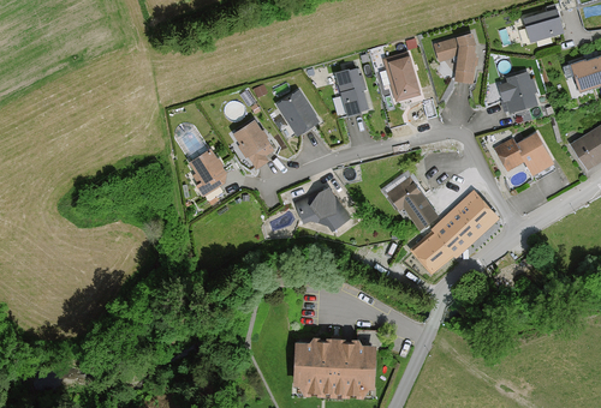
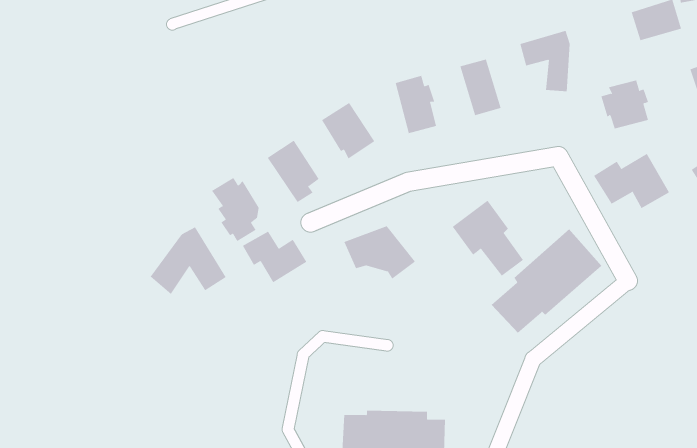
building: none -> [150,226,226,295]
building: none -> [242,231,307,283]

